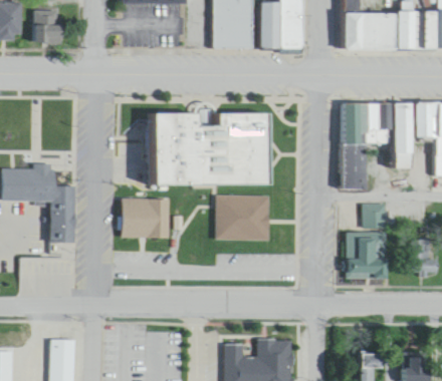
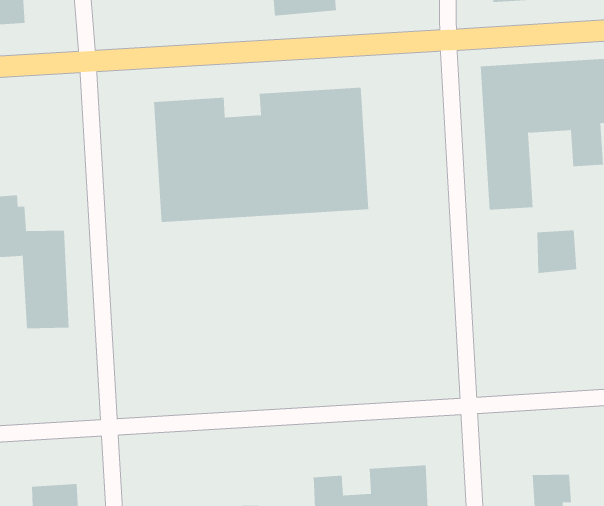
building: [216,192,270,237] -> none
building: [125,197,174,236] -> none
building: [345,230,389,276] -> none

